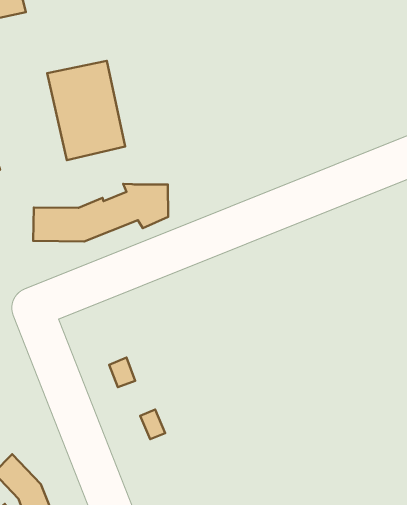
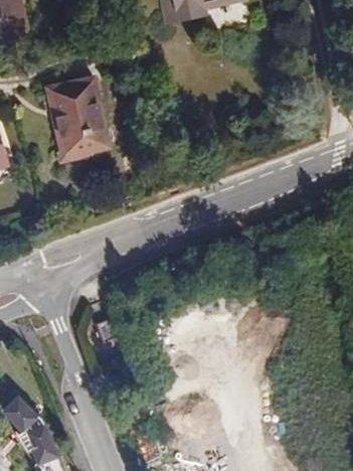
building: [33,184,168,242] -> none

